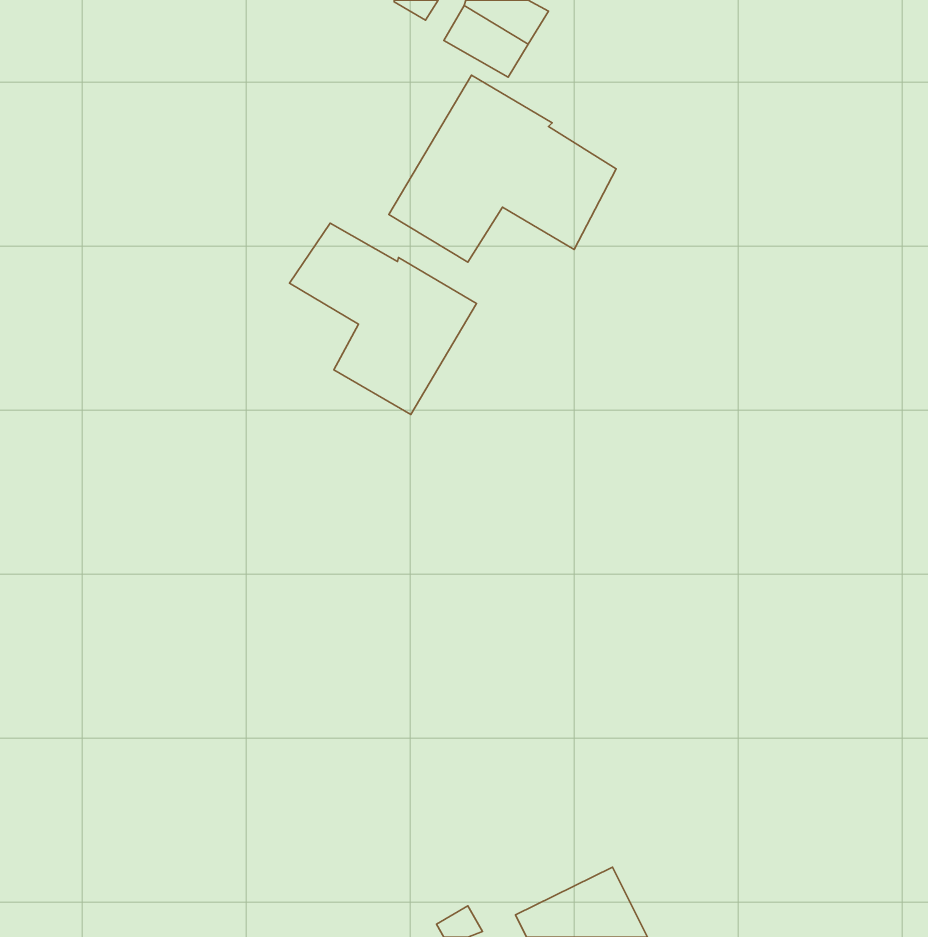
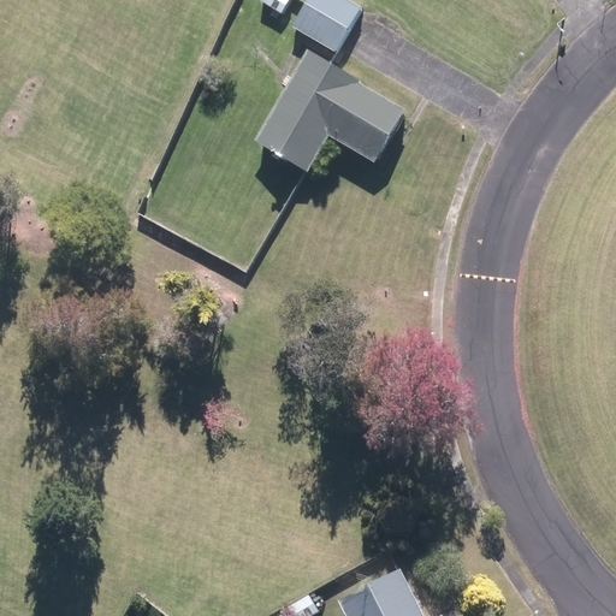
building: [289,223,476,414] -> none

